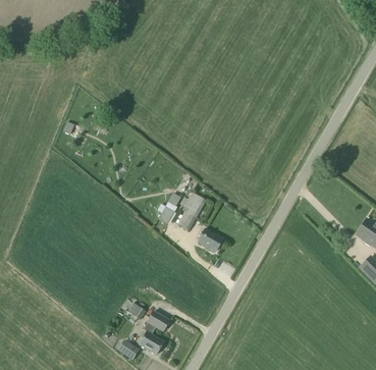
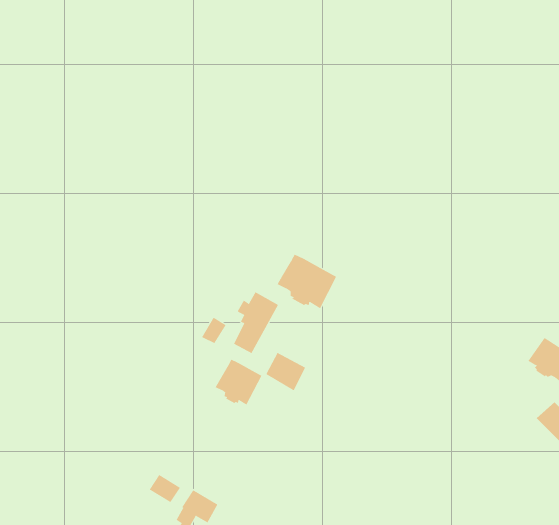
building: none -> [277,254,337,309]
building: none -> [215,359,262,406]

